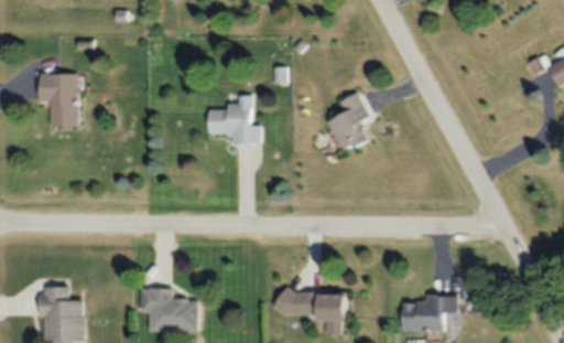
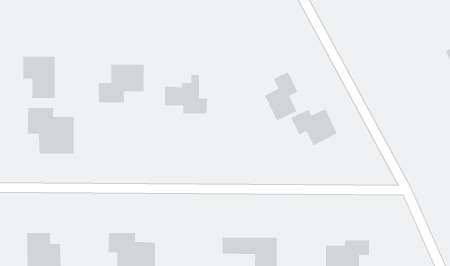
building: none -> [98,64,144,103]
building: none -> [27,107,74,155]
building: none -> [290,108,338,147]

